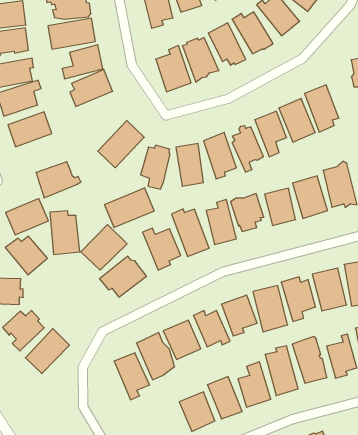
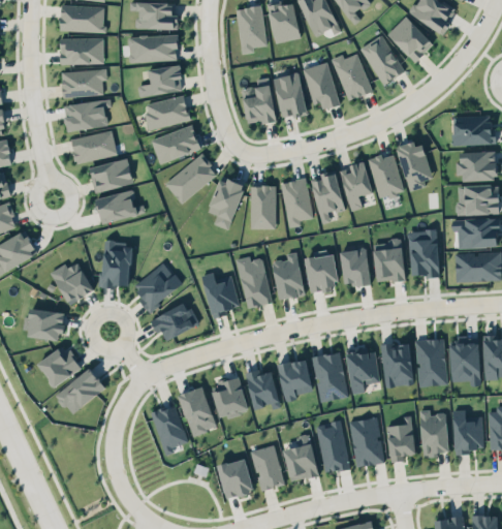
building: none -> [148,123,199,163]
building: [105,188,154,228] -> none
building: [6,199,48,235] -> [88,158,133,194]

